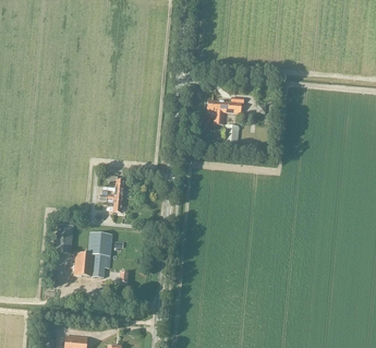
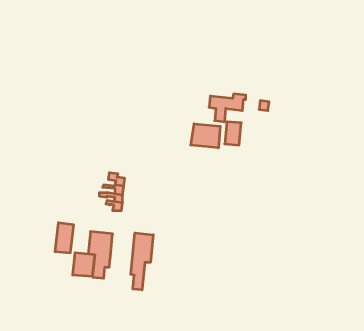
building: none -> [191,124,220,148]
building: none -> [131,233,153,290]

